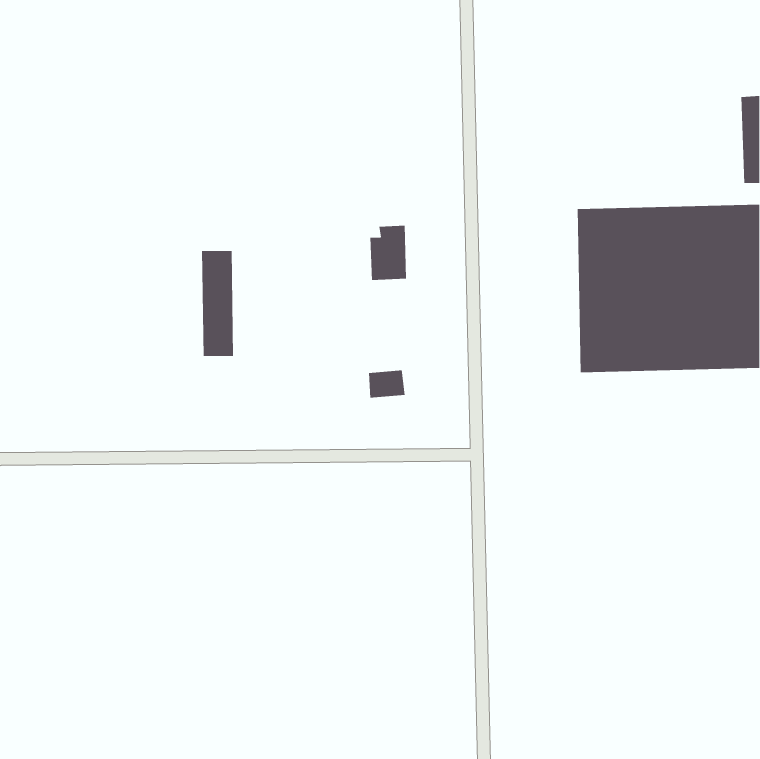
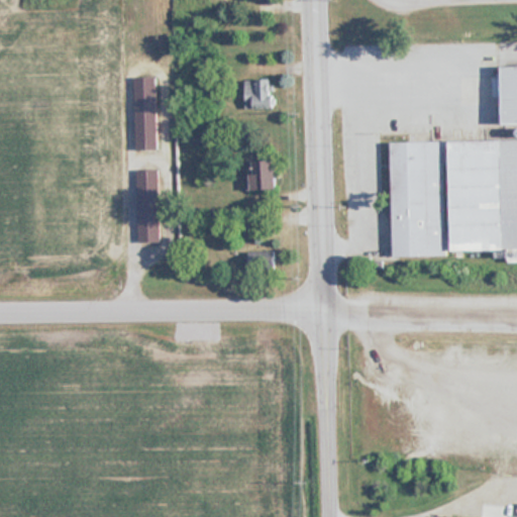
building: none -> [133,79,156,151]
building: none -> [244,81,273,111]

